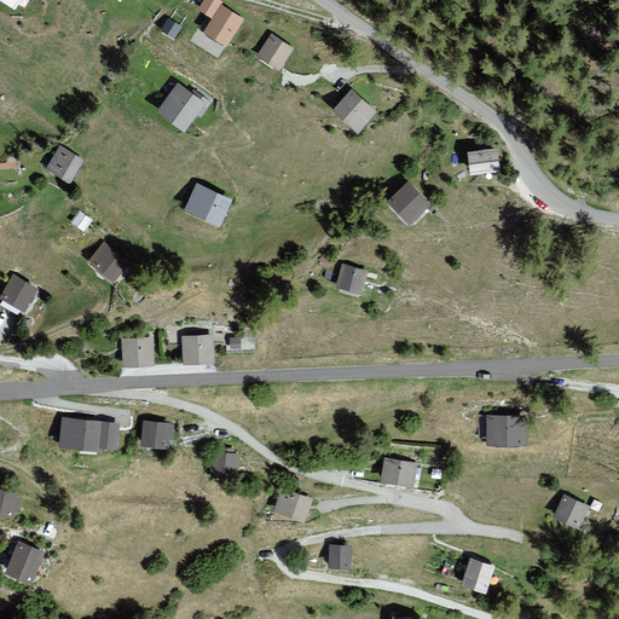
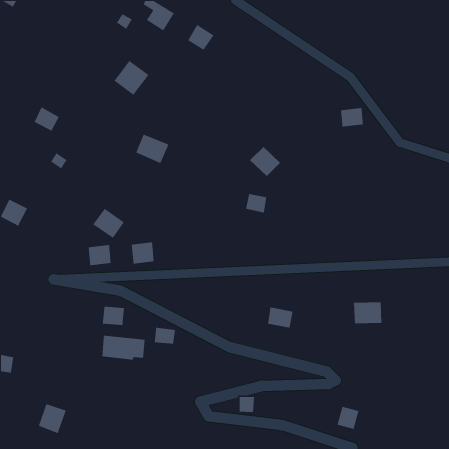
building: [334,88,378,132] -> none
building: [386,184,429,226] -> [249,146,281,177]
building: [86,241,131,283] -> [92,208,125,239]
building: [59,417,120,452] -> [102,335,145,360]
building: [381,457,417,487] -> [267,307,294,329]
building: [276,490,312,521] -> none
building: [553,494,591,528] -> none
building: [6,542,46,584] -> [38,403,67,434]

